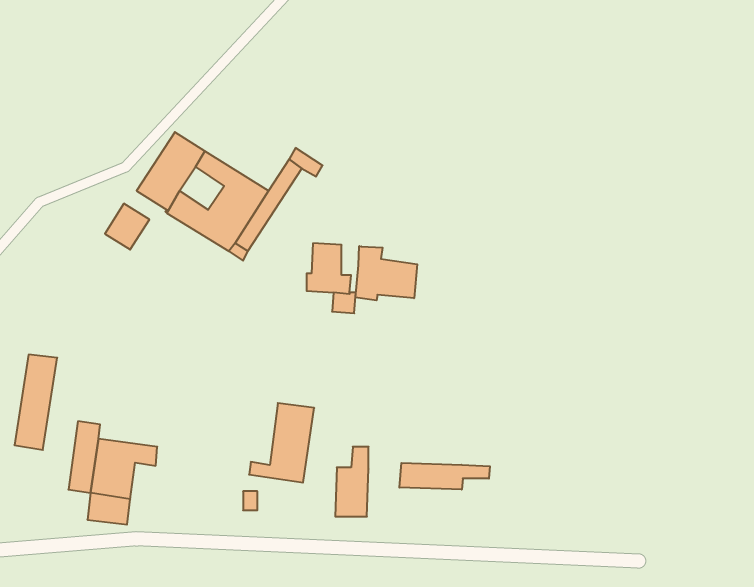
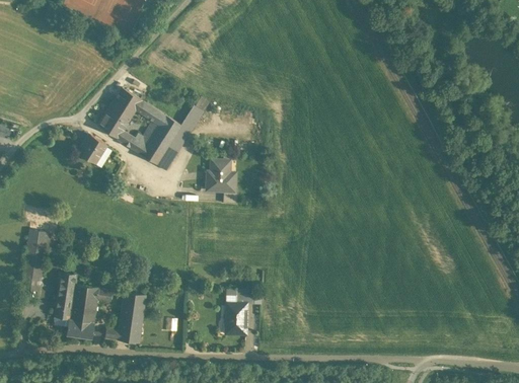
building: [355,246,417,300] -> none
building: [249,403,314,483] -> [103,292,145,342]
building: [399,463,490,490] -> none

